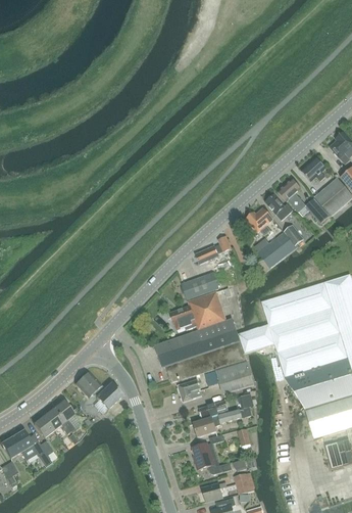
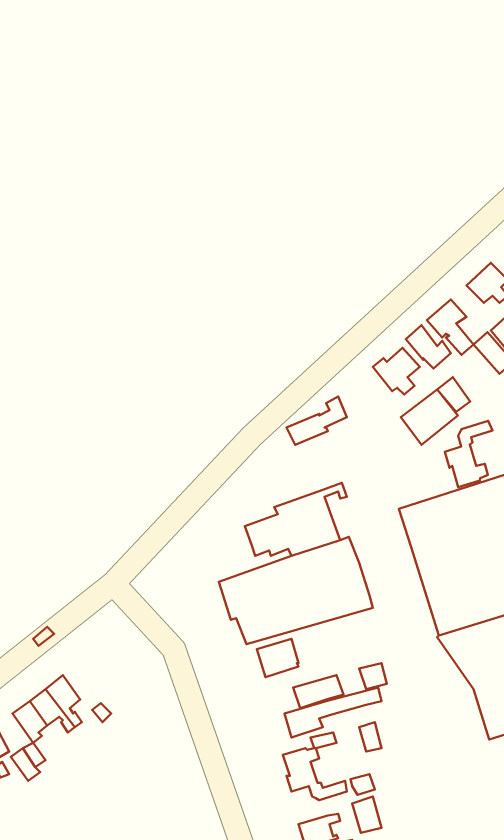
building: none -> [445,421,493,487]
building: [182,272,218,298] -> none
building: [238,324,274,353] -> none
building: [216,361,254,392] -> none
building: [76,371,123,408] -> none

